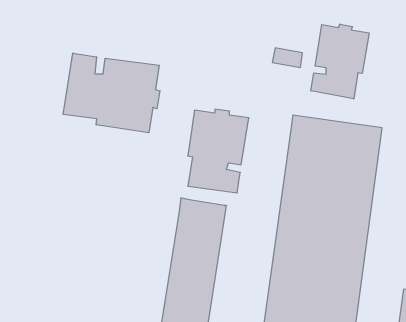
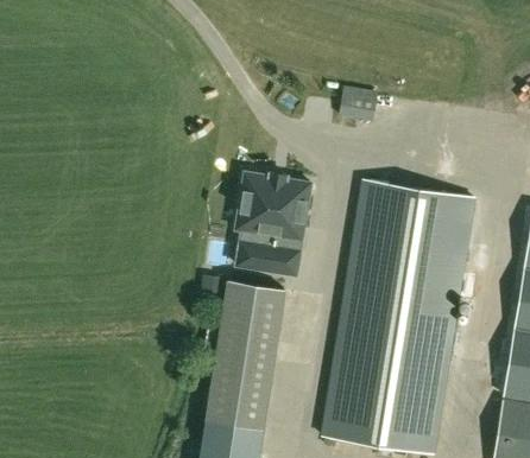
building: [311,24,369,99] -> none
building: [63,53,160,133] -> none

